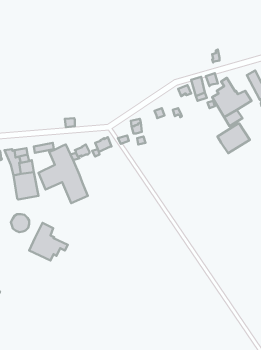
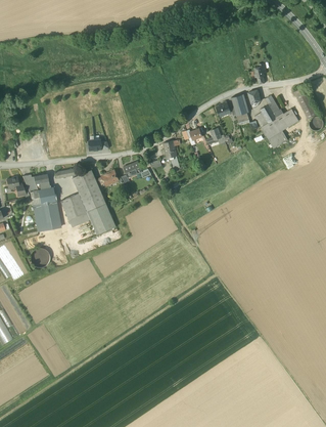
building: [218,123,250,153] -> none
building: [29,223,68,261] -> none

